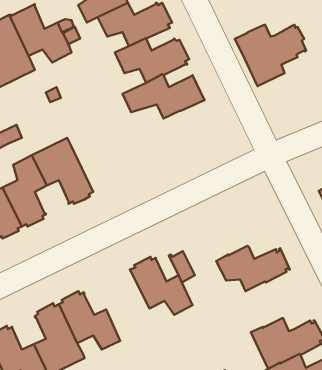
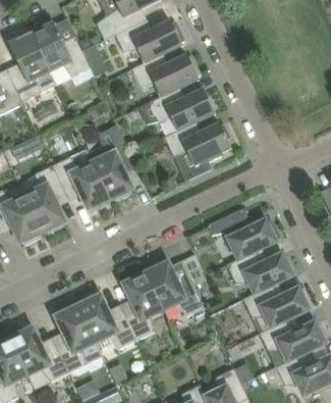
building: [235,25,306,86] -> [164,122,231,181]
building: none -> [89,125,133,199]
building: none -> [207,208,279,259]
building: none -> [122,271,163,340]
building: none -> [242,284,312,328]

